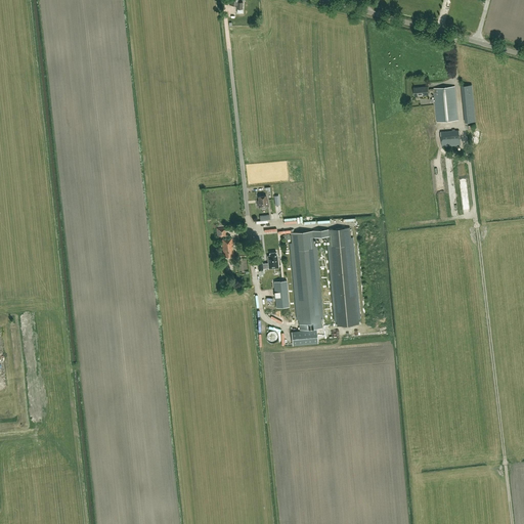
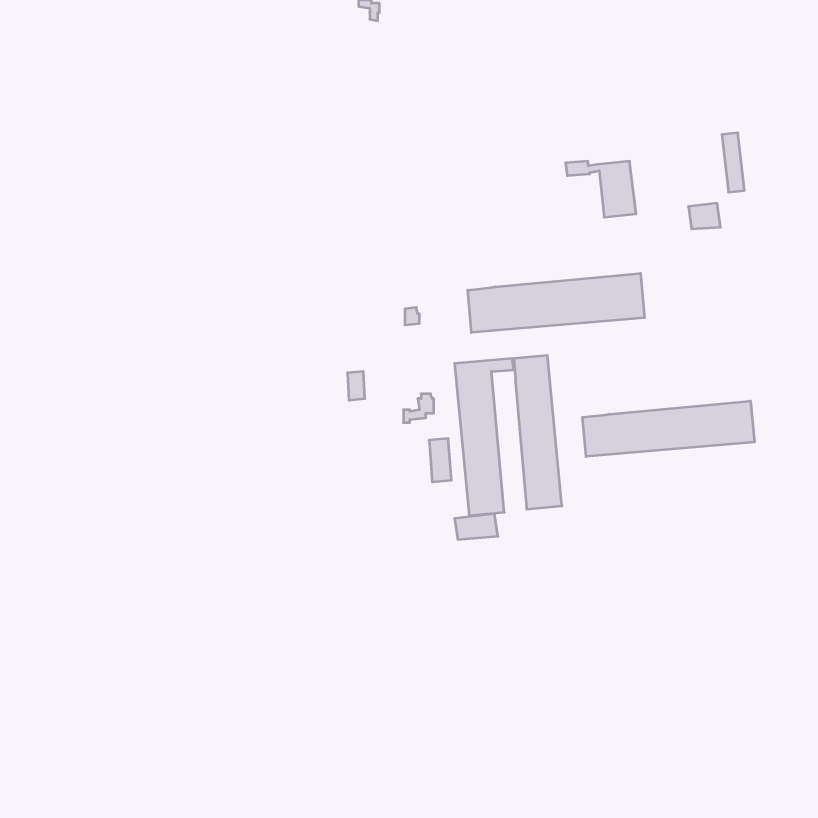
building: [413,87,458,123] -> [566,161,636,217]
building: none -> [468,273,645,333]
building: none -> [583,401,754,457]

